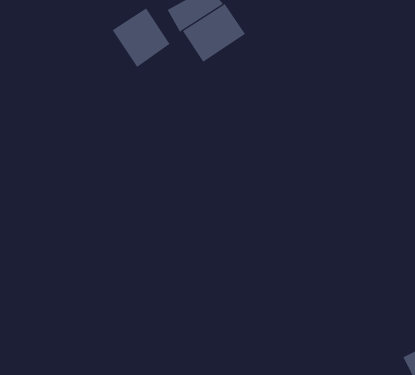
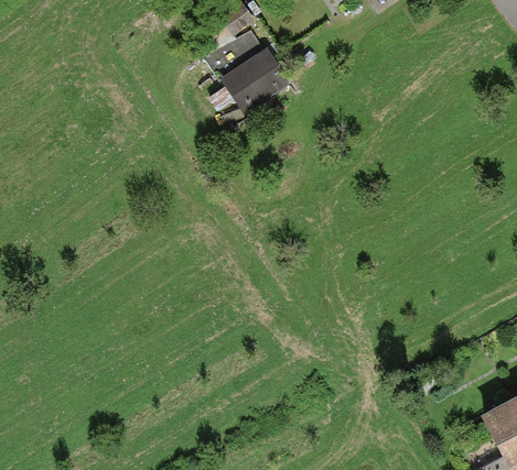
building: [112,7,171,68] -> none

